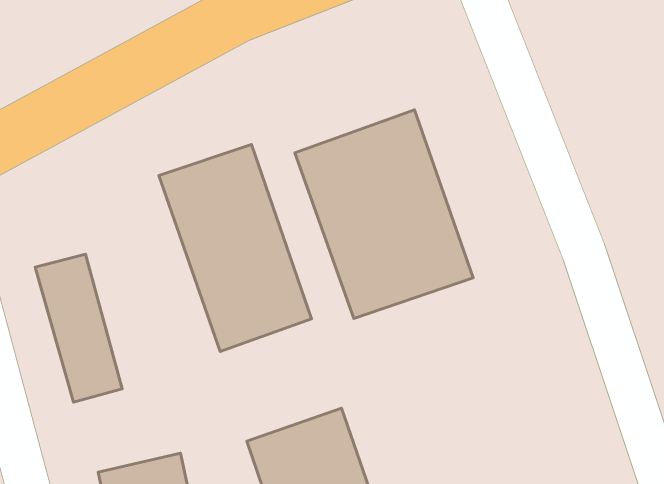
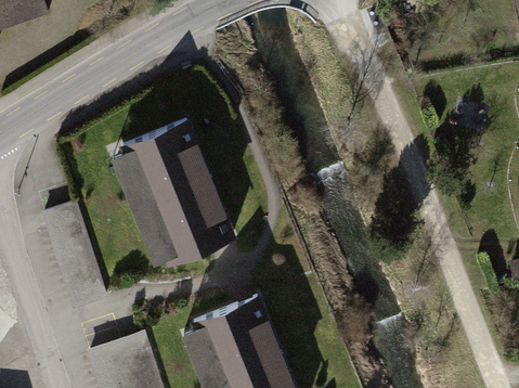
building: [295,110,473,319] -> none

